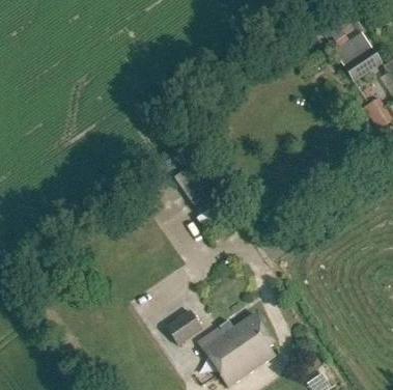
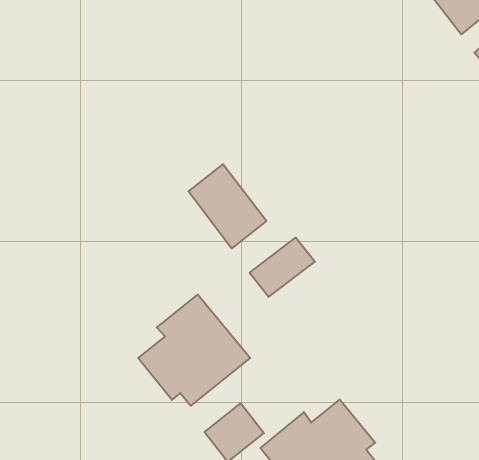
building: none -> [250,238,315,297]
building: none -> [138,295,250,406]

